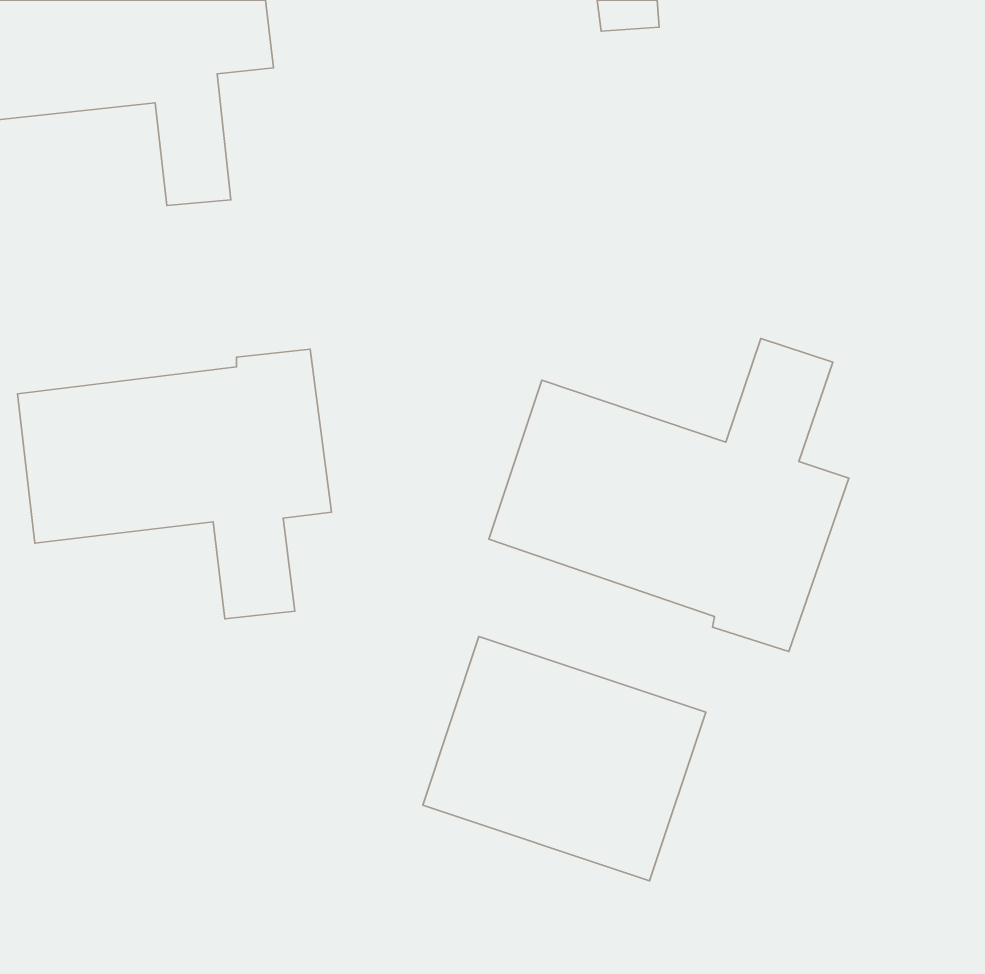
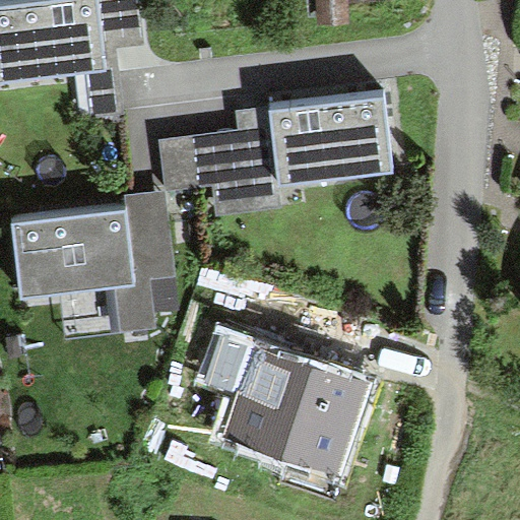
building: none -> [156,93,392,218]
building: [489,339,849,651] -> none

